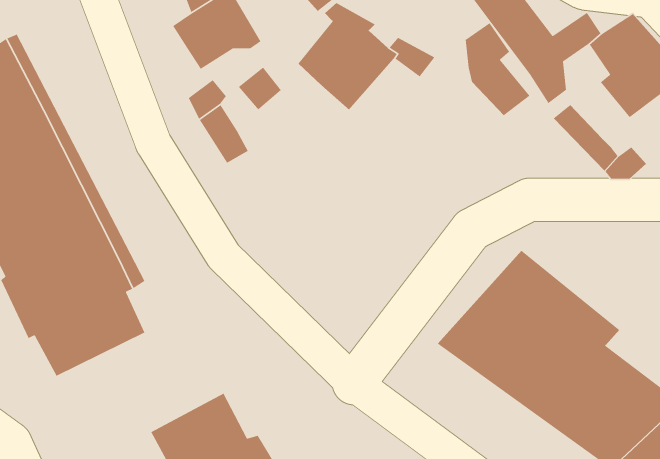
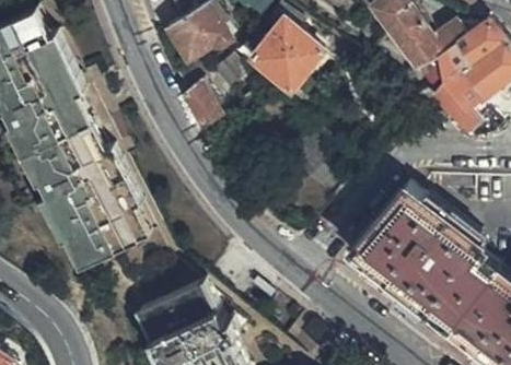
building: [465,22,531,116] -> [439,44,485,109]

